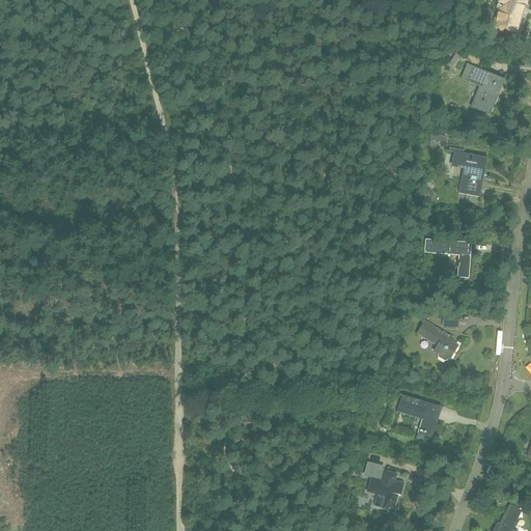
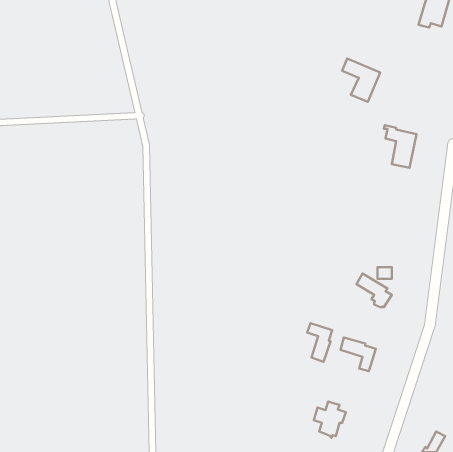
building: [460,62,505,113] -> [342,58,380,102]
building: [424,237,471,277] -> none
building: none -> [307,323,332,362]

